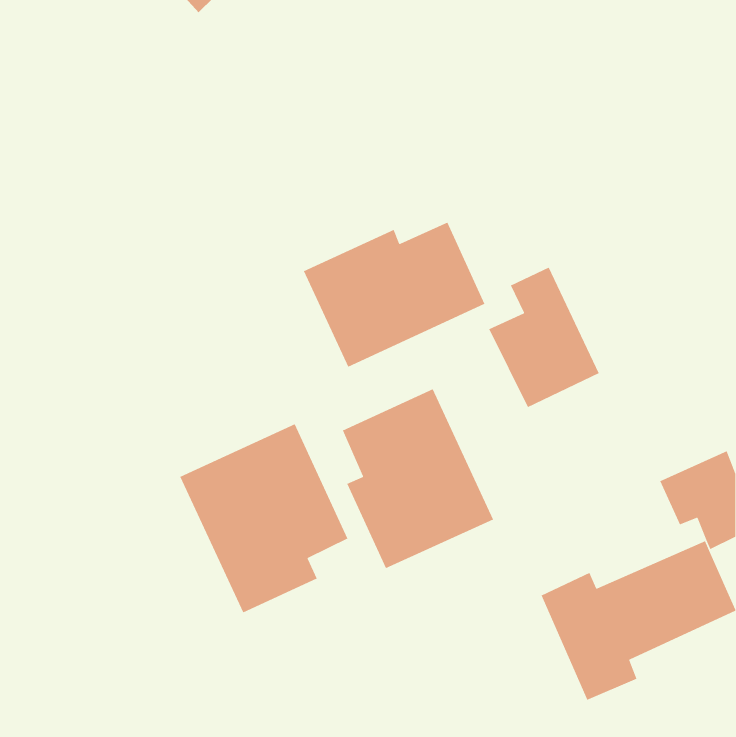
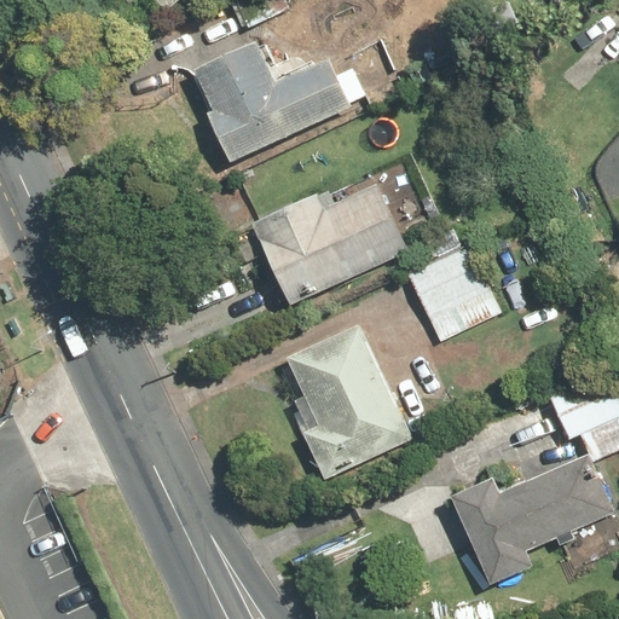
building: none -> [195,41,370,161]
building: [179,423,349,614] -> none

